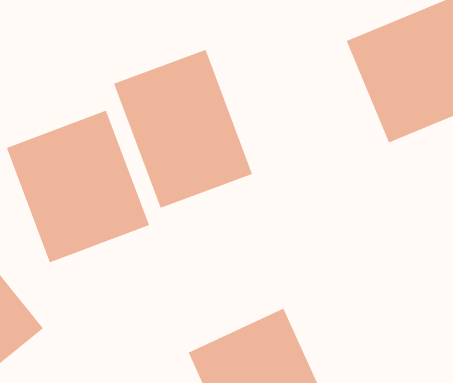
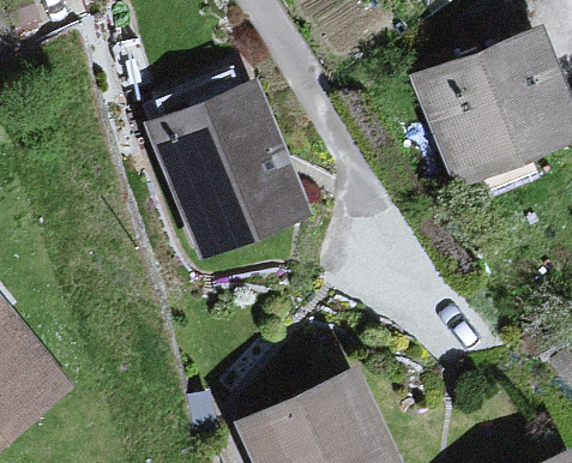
building: [6,110,150,263] -> none

